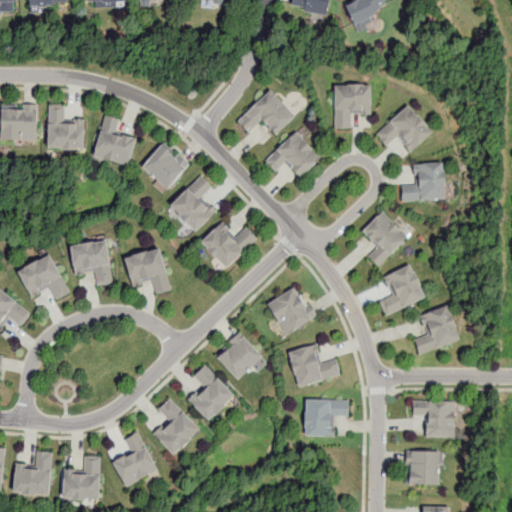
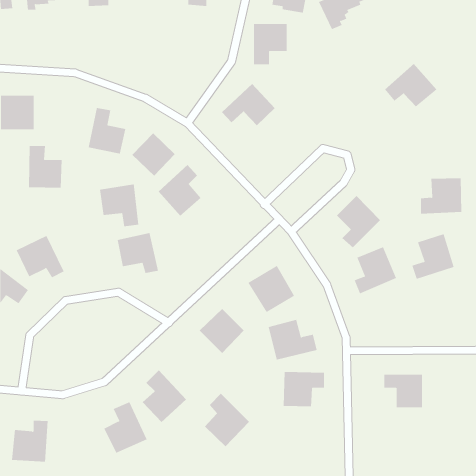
building: [333,84,370,128] -> [253,24,288,65]
building: [47,103,84,149] -> [28,145,63,188]
building: [375,105,432,152] -> [384,63,437,107]
building: [265,132,320,178] -> none
building: [400,162,445,201] -> [420,178,462,214]
building: [200,223,257,270] -> none
building: [69,240,112,286] -> [99,184,139,227]
building: [413,305,459,354] -> [412,234,455,279]
building: [186,362,235,420] -> [204,393,250,447]
building: [404,450,438,484] -> none
building: [62,455,100,501] -> none

